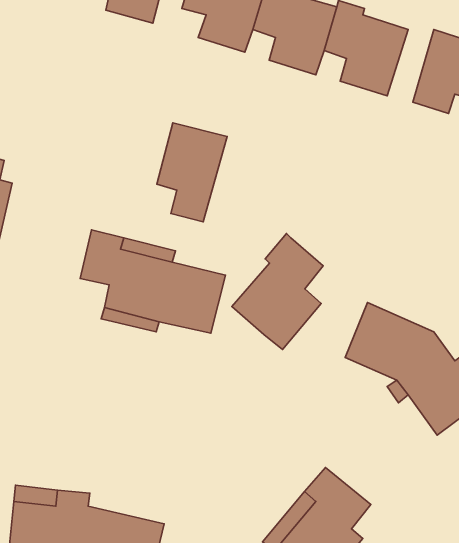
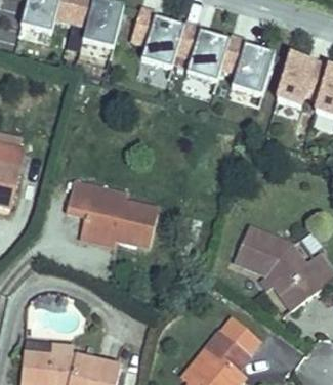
building: [157,123,227,222] -> none
building: [232,233,323,350] -> none

